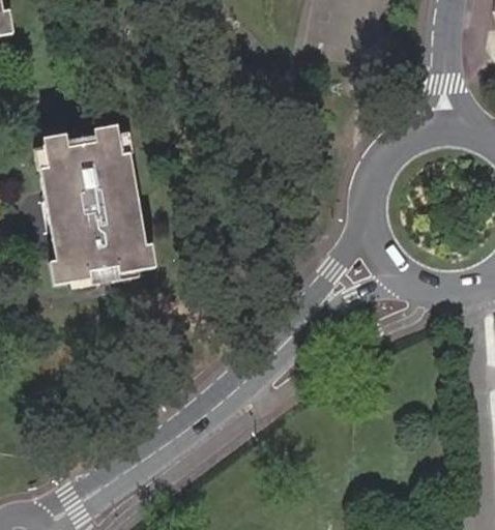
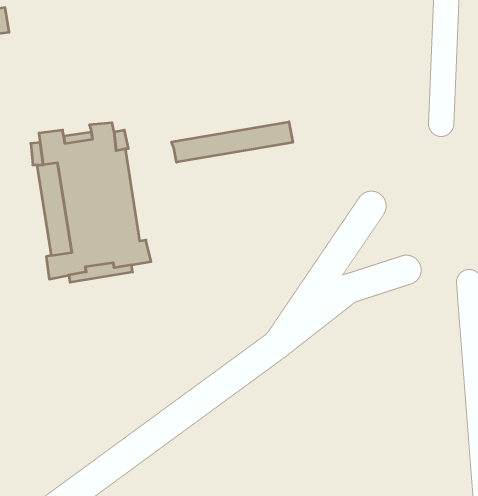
building: none -> [172,122,293,162]

